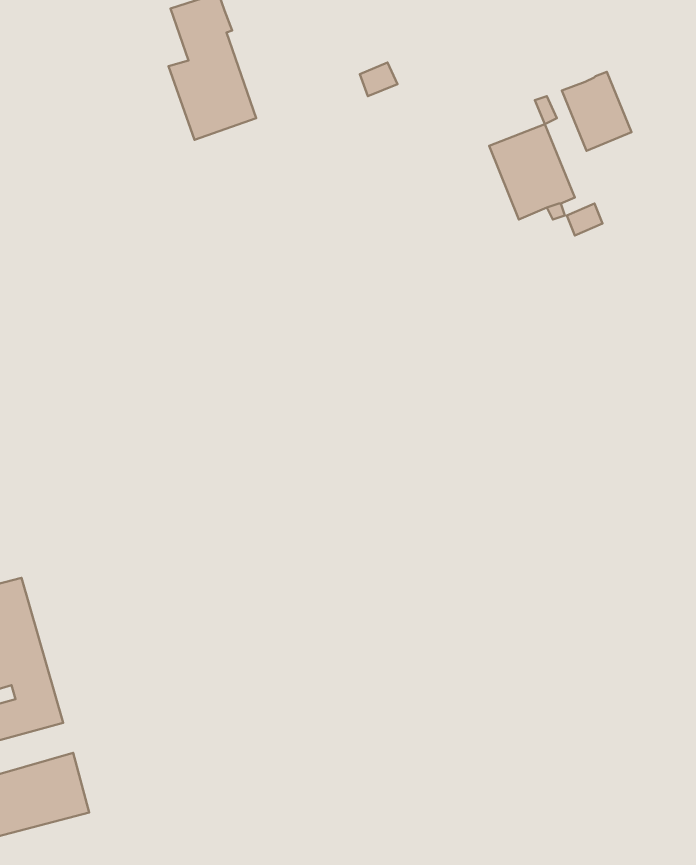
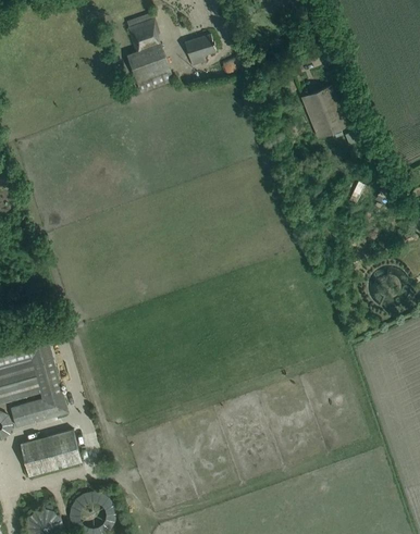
building: none -> [184,35,215,66]
building: [562,72,631,151] -> none

